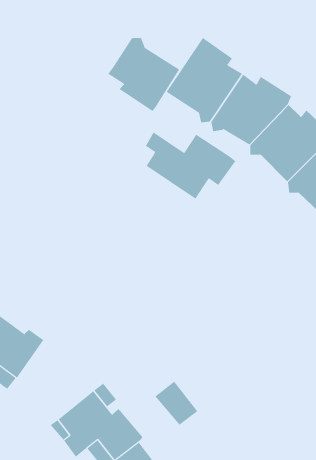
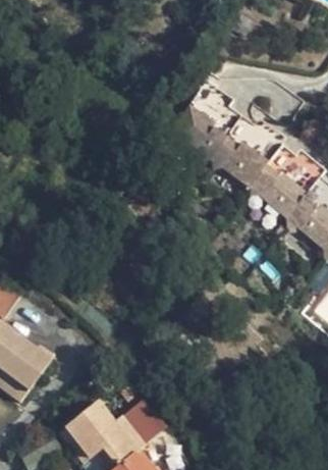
building: [107,37,180,112] -> none
building: [145,132,236,199] -> none
building: [155,381,198,425] -> [124,403,164,443]

